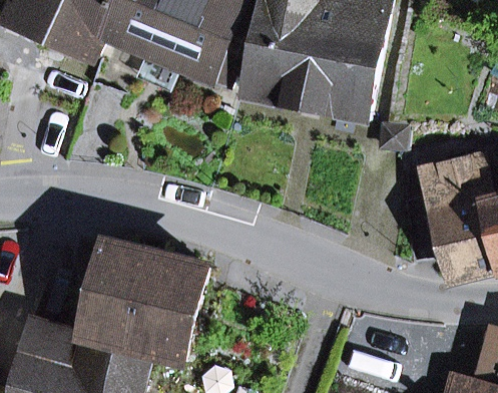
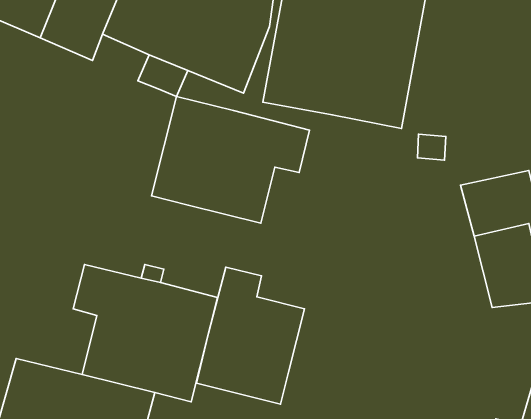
building: none -> [152,97,309,223]
building: none -> [196,267,304,404]

